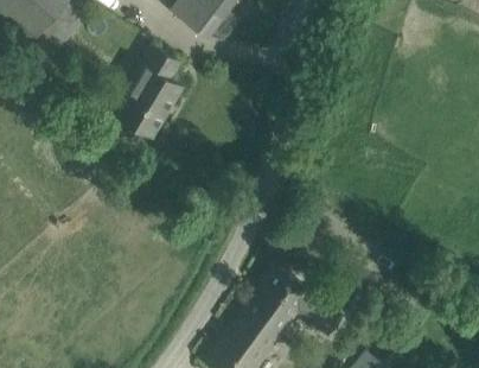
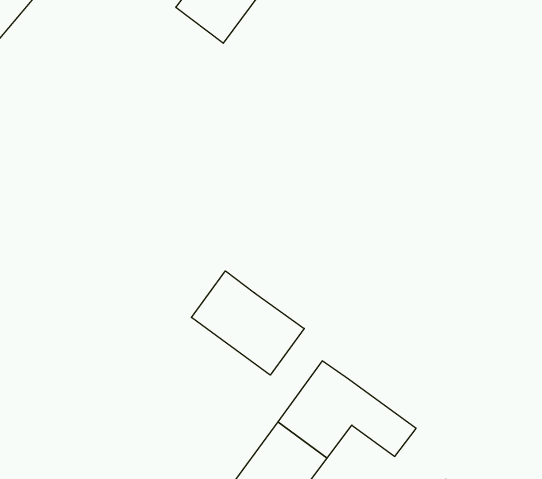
building: [114,43,183,135] -> none
building: none -> [191,271,304,375]

